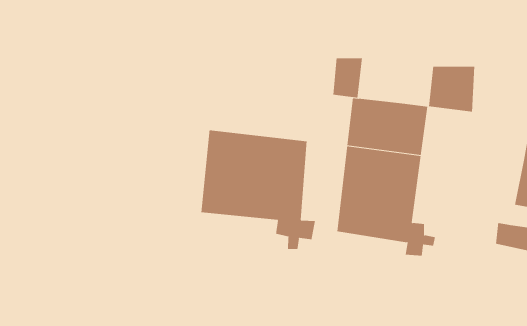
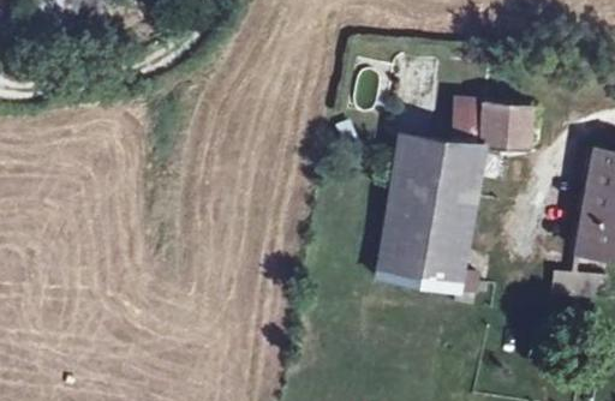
building: [333,58,363,98] -> [453,101,485,144]
building: [201,129,315,250] -> none

